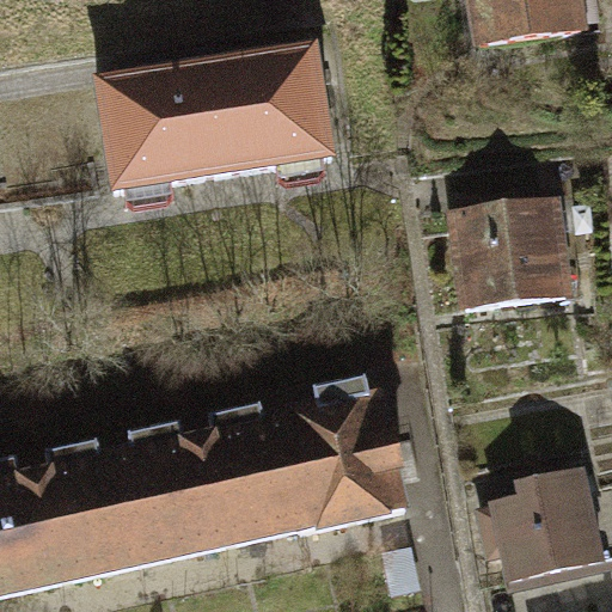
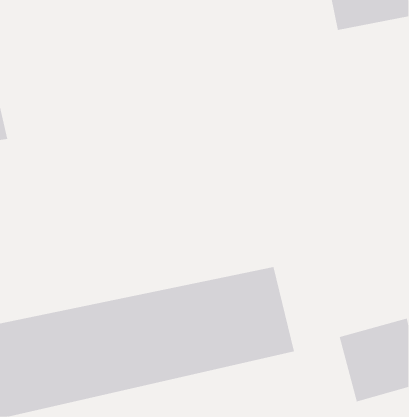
building: [114,38,351,182] -> none
building: [446,191,577,304] -> none

